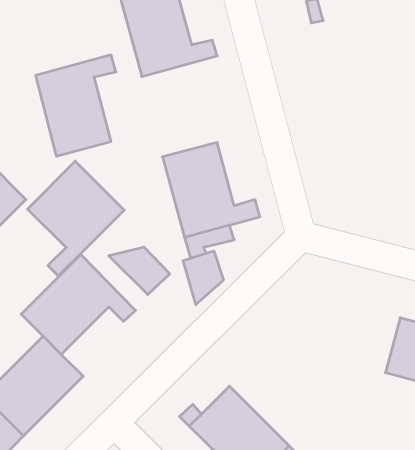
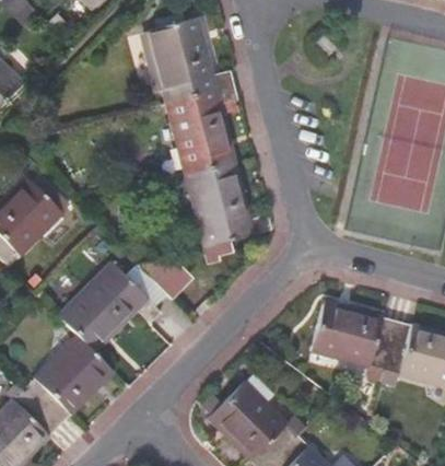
building: [36,55,116,156] -> [166,84,238,175]
building: [28,161,124,276] -> none
building: [183,251,223,305] -> none
building: none -> [312,301,398,369]

